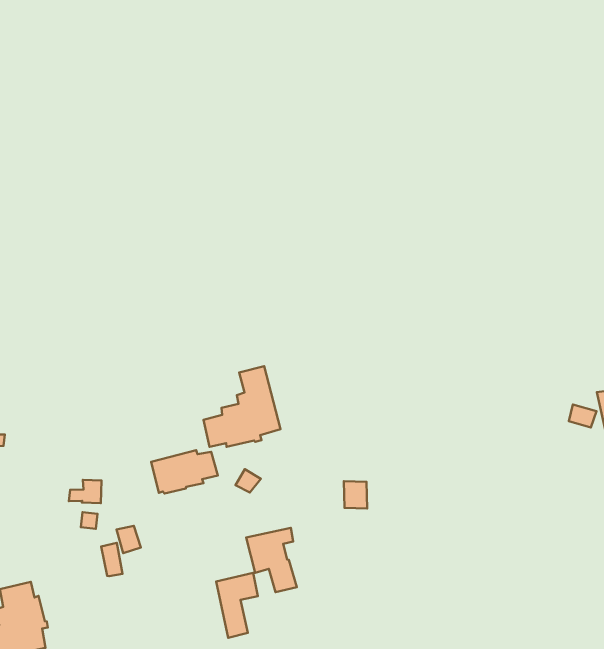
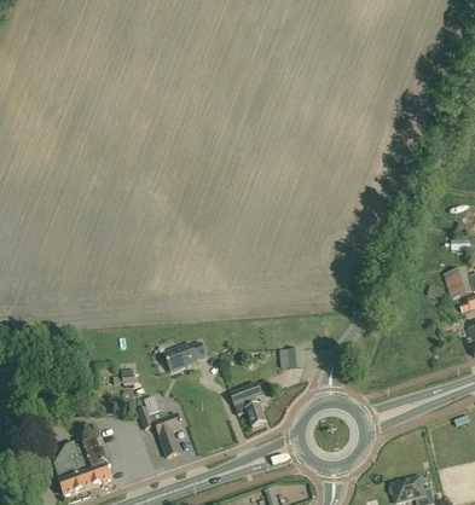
building: [203,366,280,447] -> none
building: [216,573,258,638] -> [155,413,183,457]

